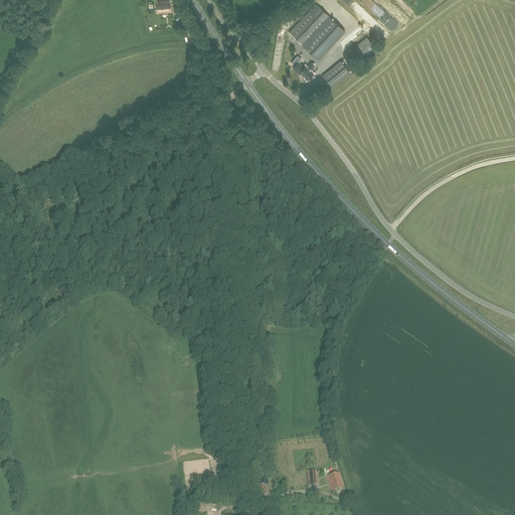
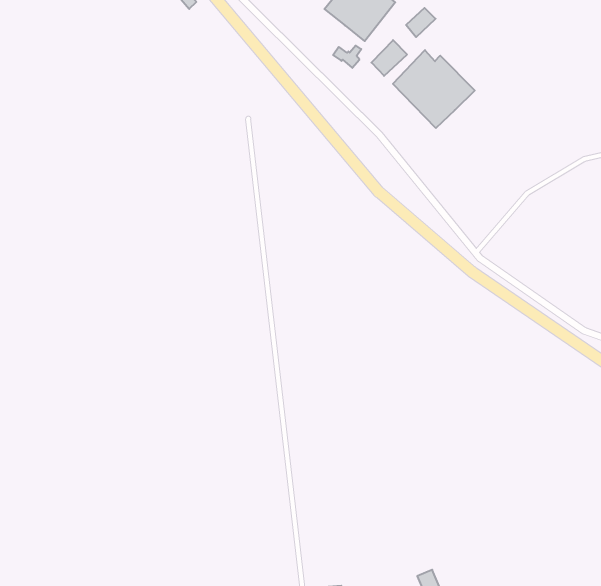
building: none -> [393,50,475,128]

